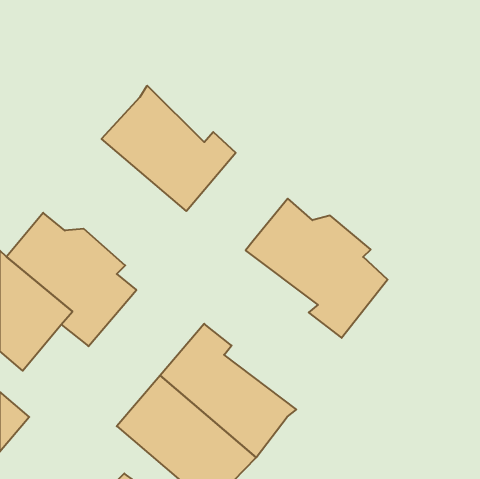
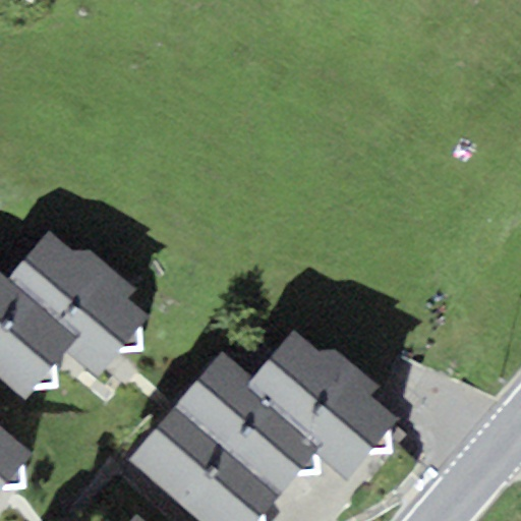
building: [102,86,236,211] -> none
building: [246,199,388,338] -> [242,330,396,480]

